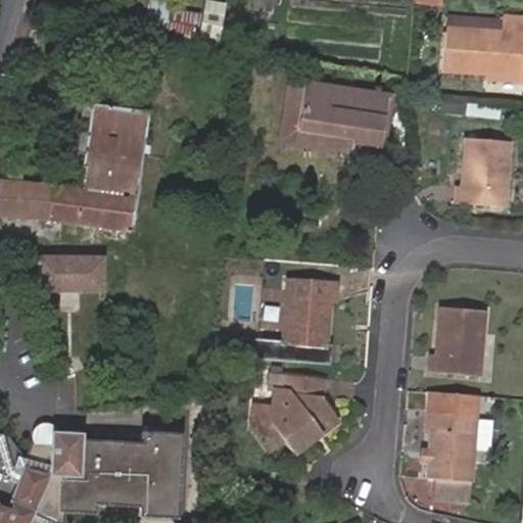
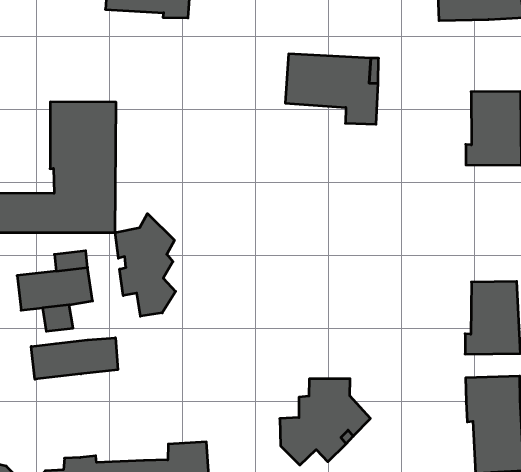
building: [275,81,350,153] -> none
building: none -> [115,214,176,316]
building: [284,281,340,349] -> none
building: none -> [31,338,118,379]

